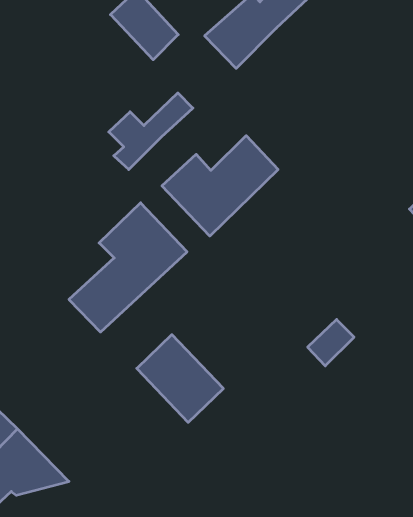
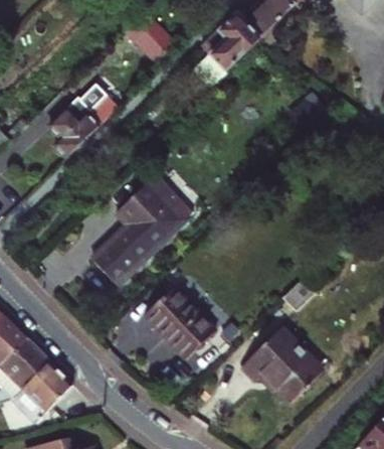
building: [109,93,193,170] -> [50,95,118,156]
building: [162,136,278,236] -> none
building: none -> [241,328,323,402]

